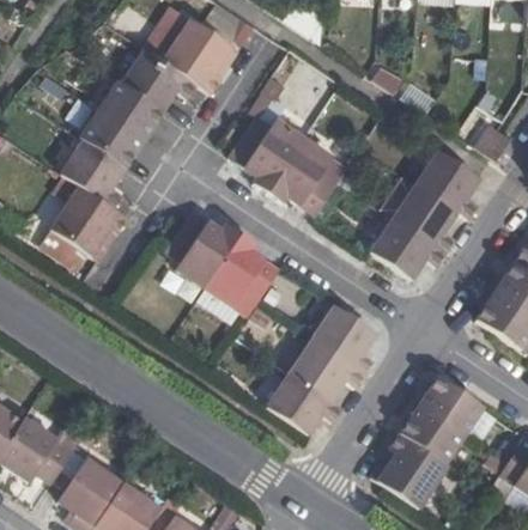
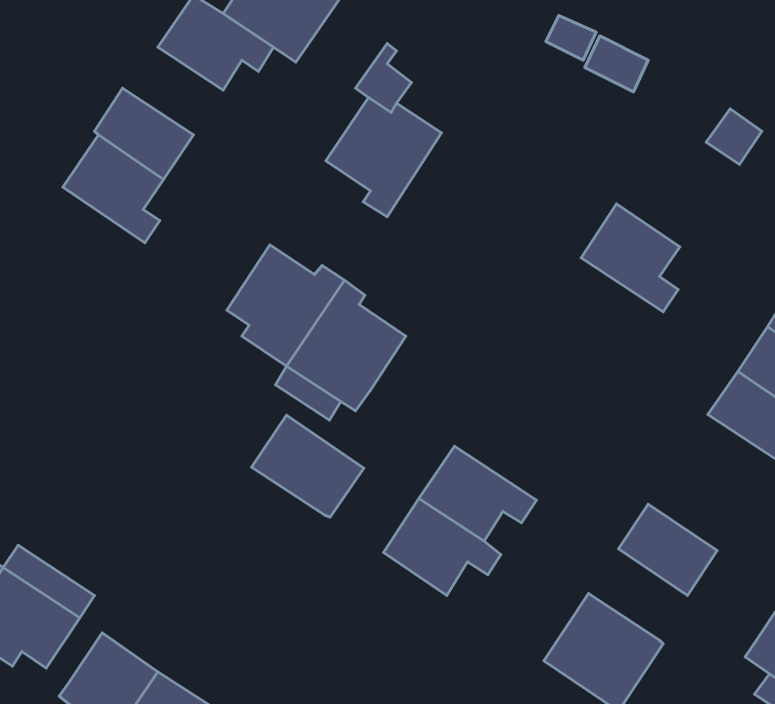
building: [99,80,164,139] -> none
building: [269,138,348,214] -> none
building: [417,148,479,218] -> none
building: [51,185,127,260] -> none
building: [371,218,447,278] -> none
building: [312,304,376,373] -> none
building: none -> [251,415,364,517]
building: [399,404,462,463] -> none

